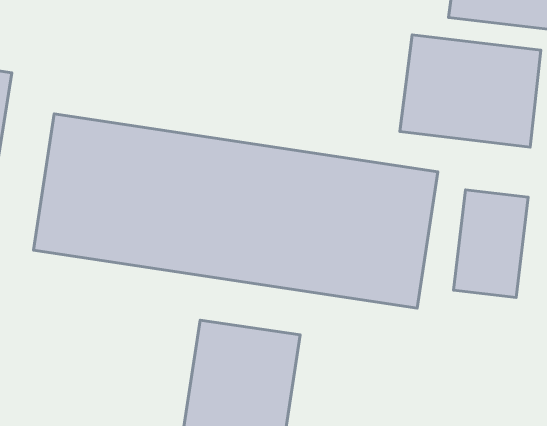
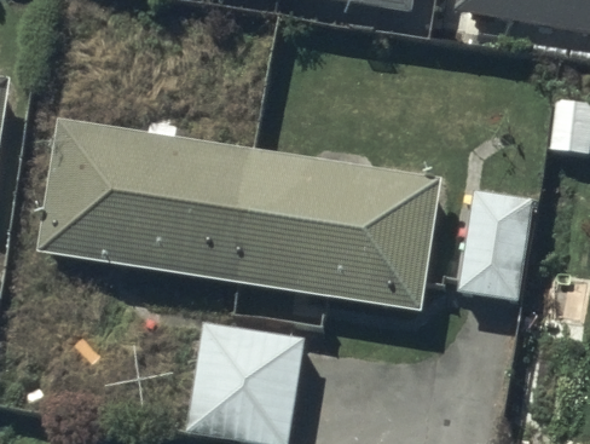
building: [400,35,541,147] -> none

